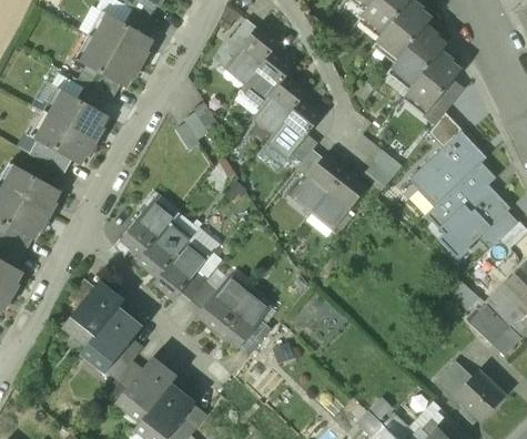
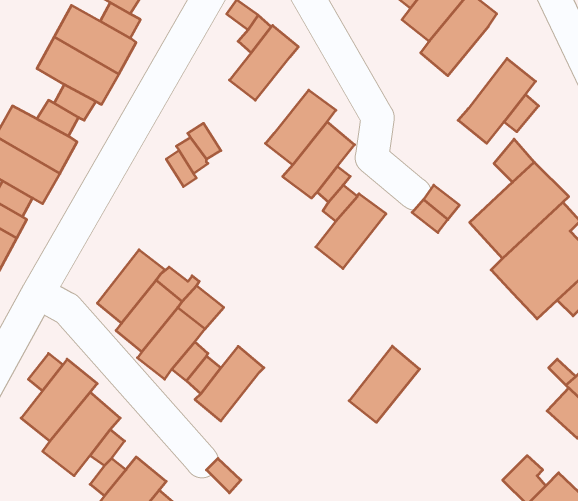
building: [386,27,445,90] -> none
building: [237,50,292,109] -> none
building: [312,171,366,229] -> [349,346,420,422]
building: [217,293,268,347] -> none

